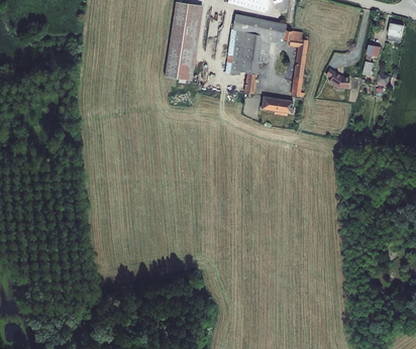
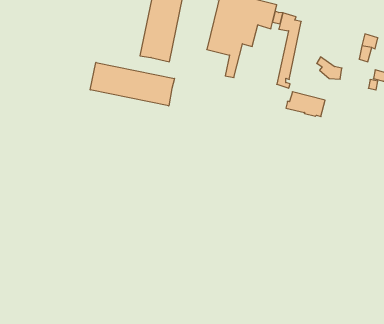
building: none -> [90,62,174,106]
building: [256,95,292,116] -> [286,92,325,117]

